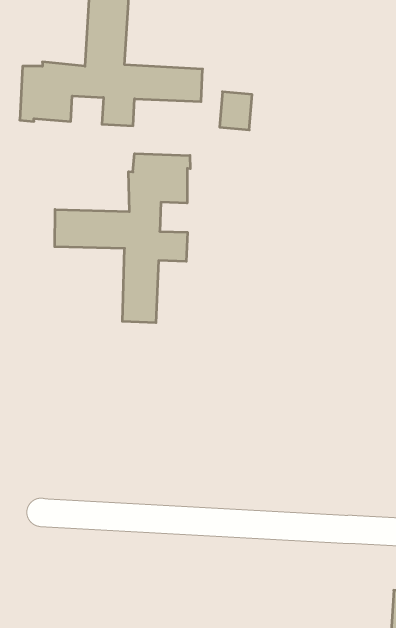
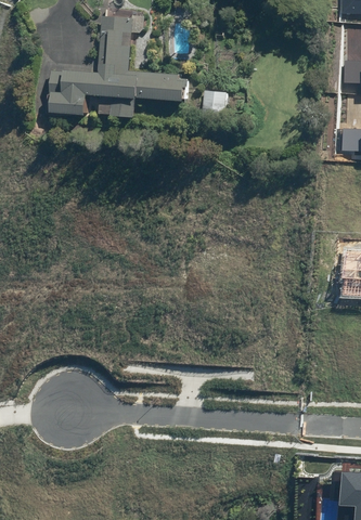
building: [55,154,190,323] -> none

